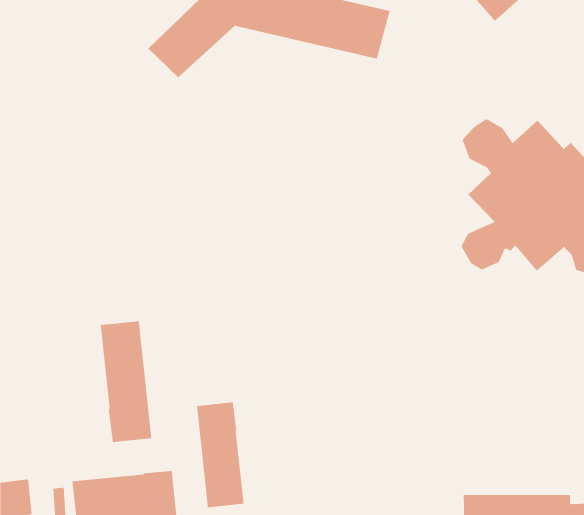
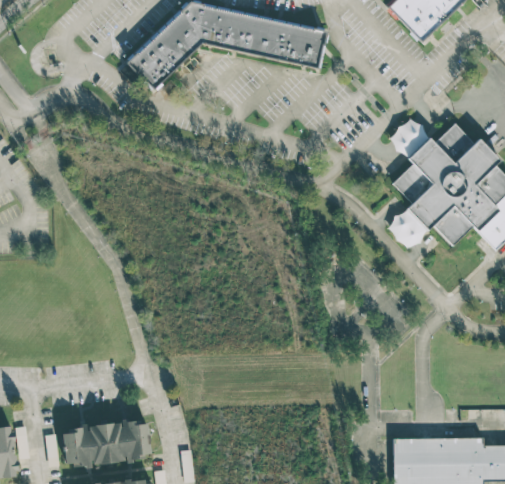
building: [100,320,152,443] -> none
building: [197,402,244,508] -> none

